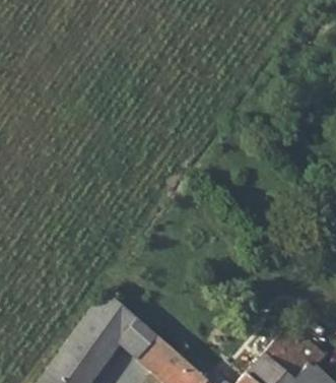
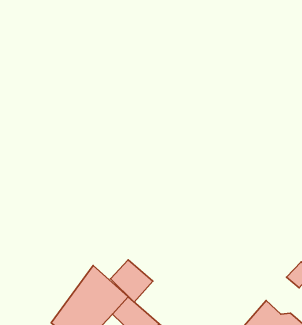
building: none -> [111,260,153,302]

